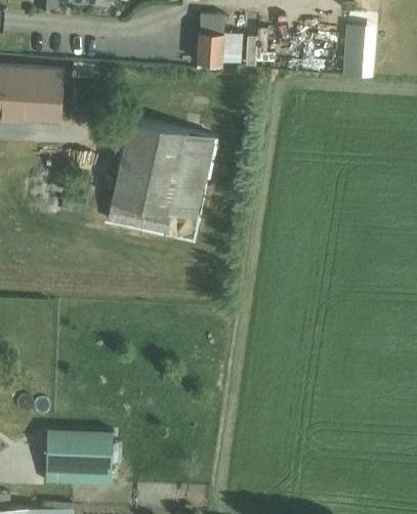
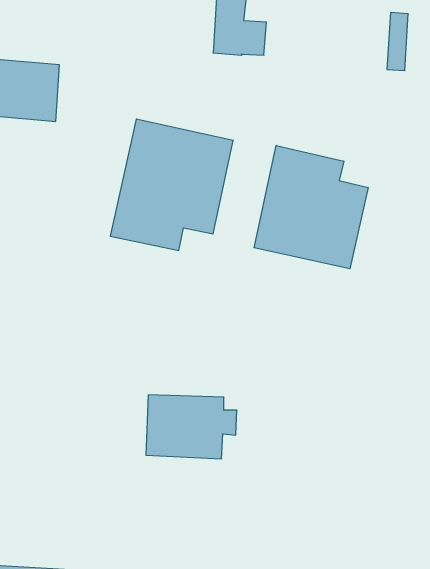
building: none -> [254,145,368,269]
building: [45,430,124,485] -> [146,395,237,459]

